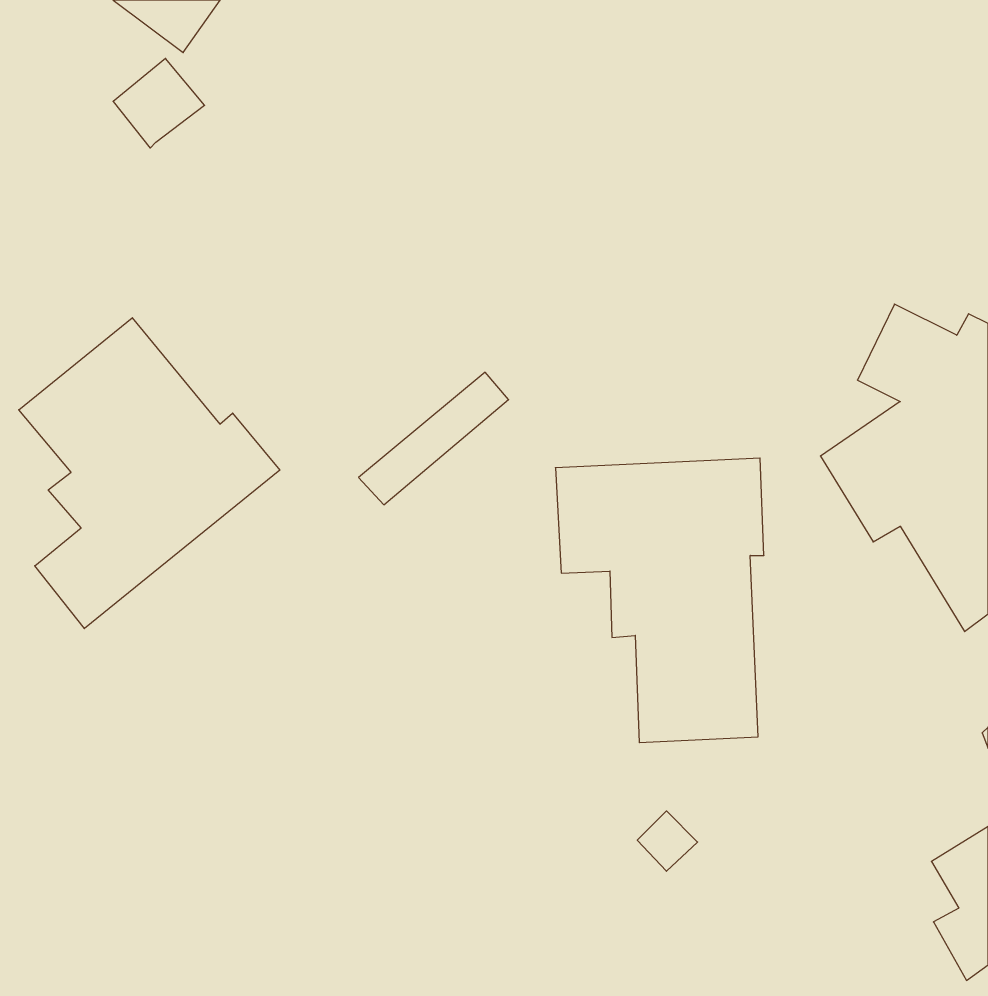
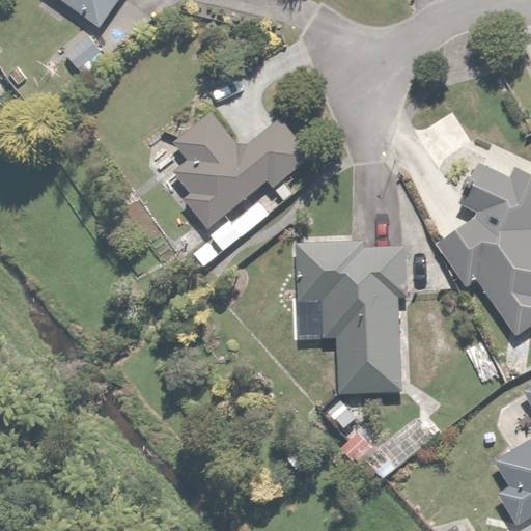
building: none -> [173,110,315,228]
building: [19,318,280,629] -> none

